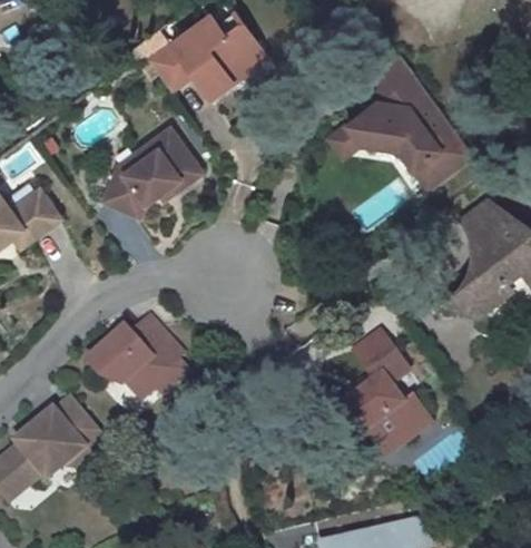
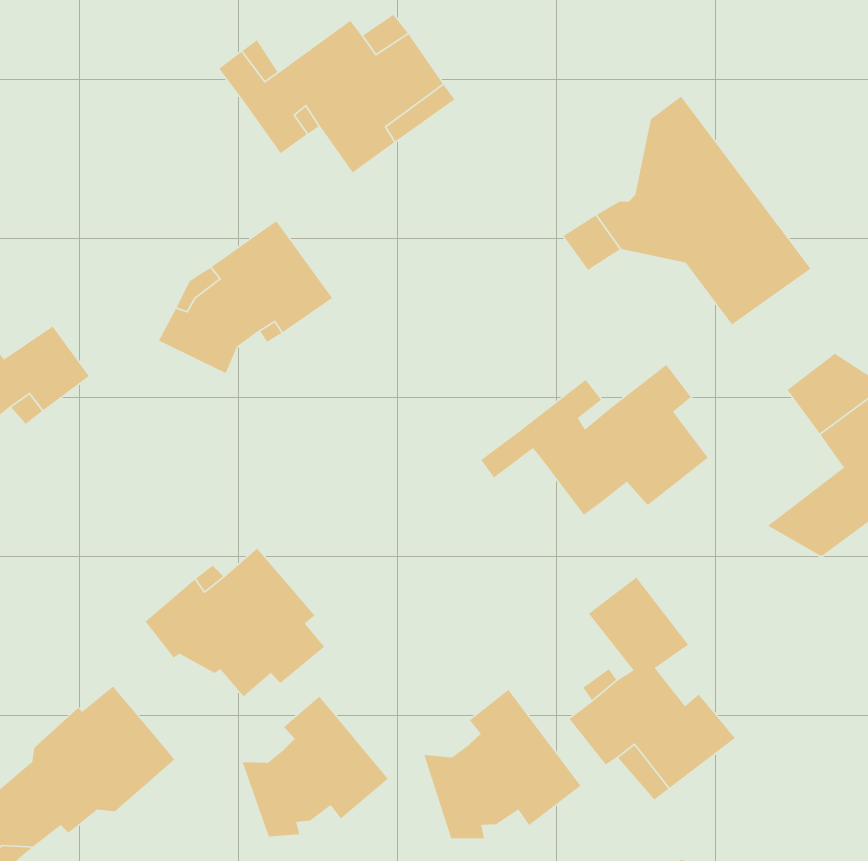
building: none -> [480,364,709,516]
building: none -> [423,689,581,839]
building: none -> [241,695,389,837]

